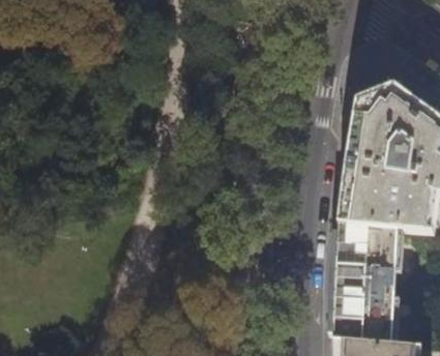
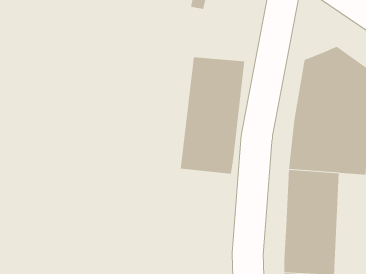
building: none -> [180,56,245,175]

